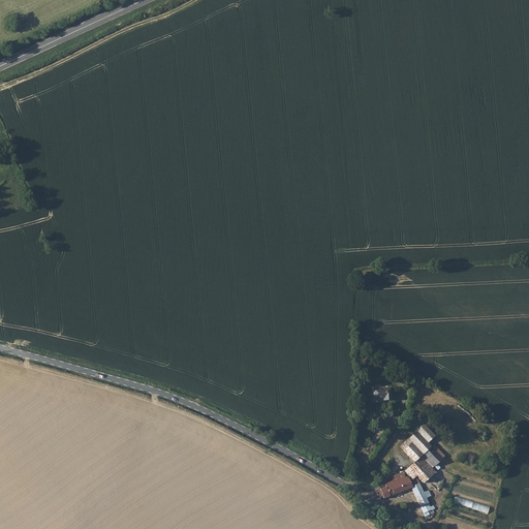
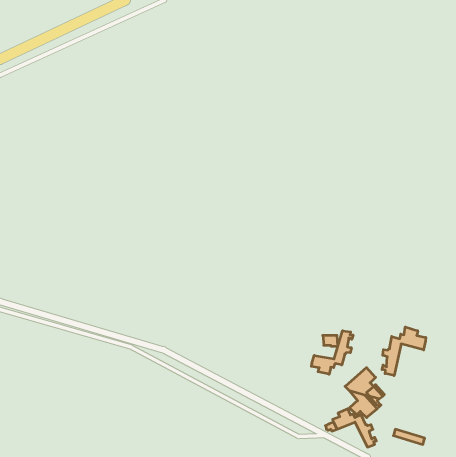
building: none -> [382,327,426,376]
building: none -> [311,331,353,374]

